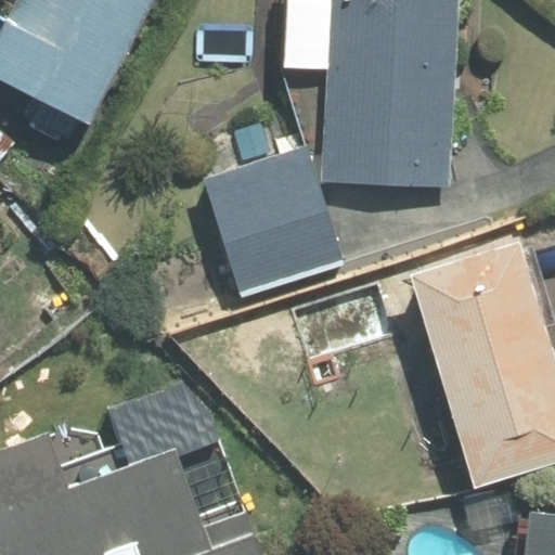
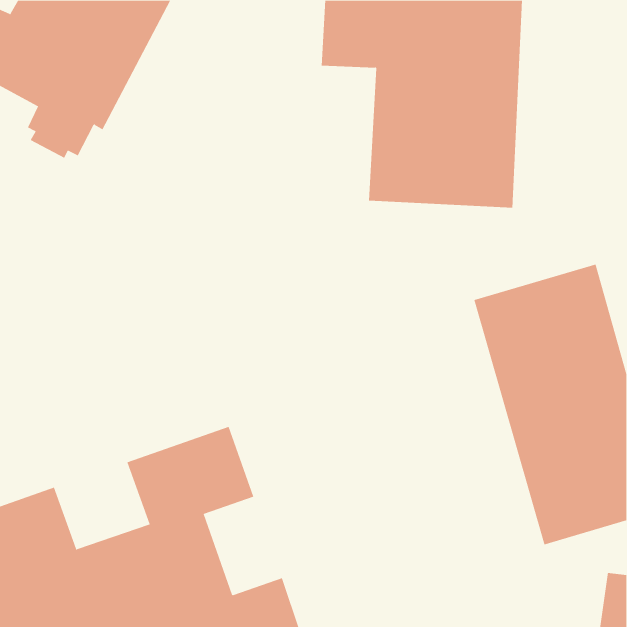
building: [205,147,343,294] -> none

